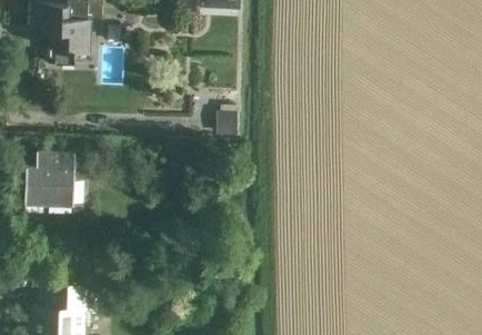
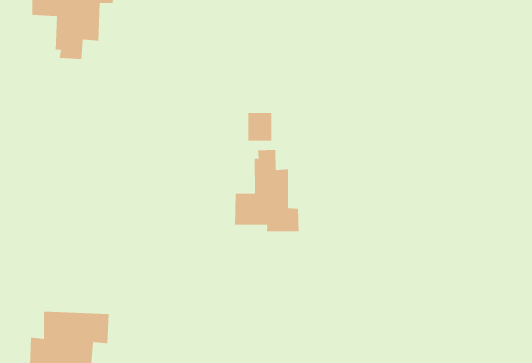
building: none -> [234,149,299,232]
building: [24,151,76,207] -> none

